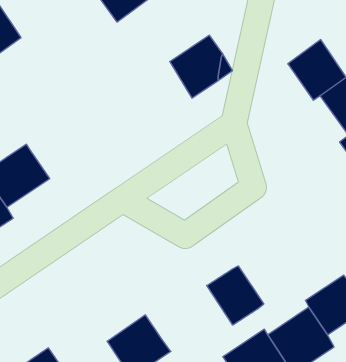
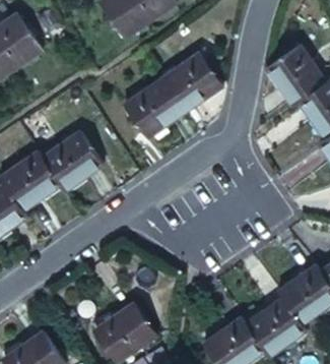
building: none -> [129,72,187,130]
building: none -> [39,132,93,189]
building: [207,266,264,325] -> none

